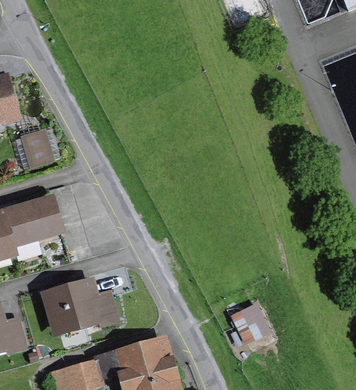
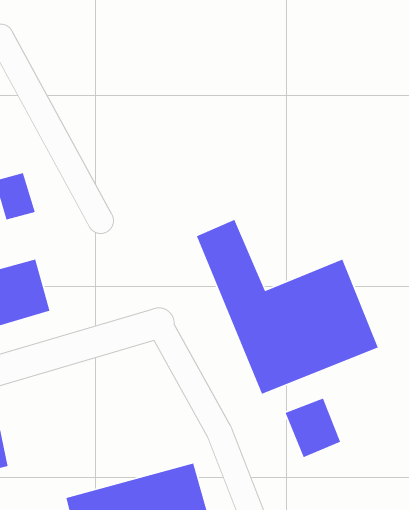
building: none -> [196,219,379,395]
building: [35,273,118,335] -> none

